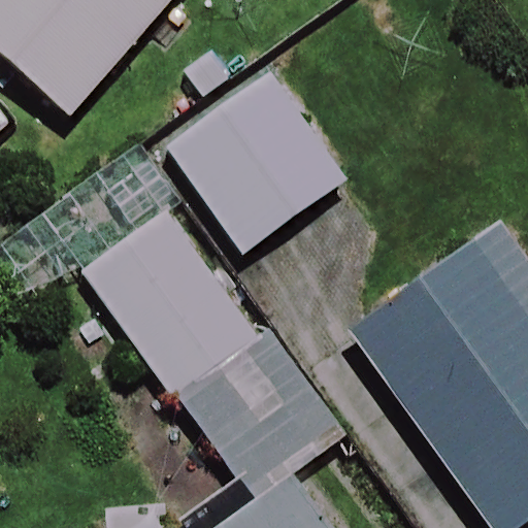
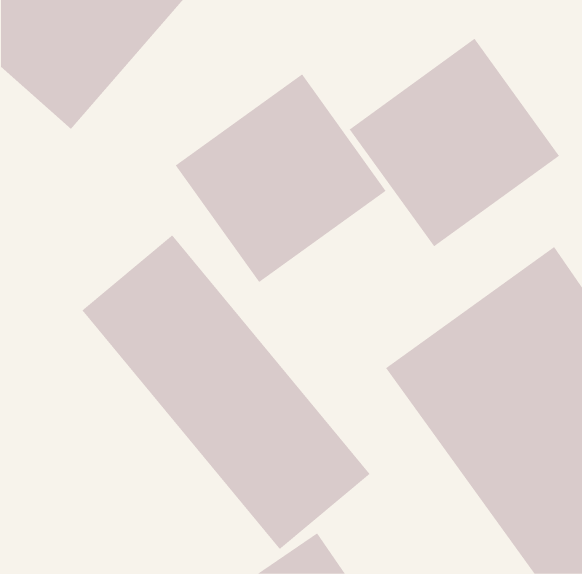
building: none -> [349,38,560,247]

